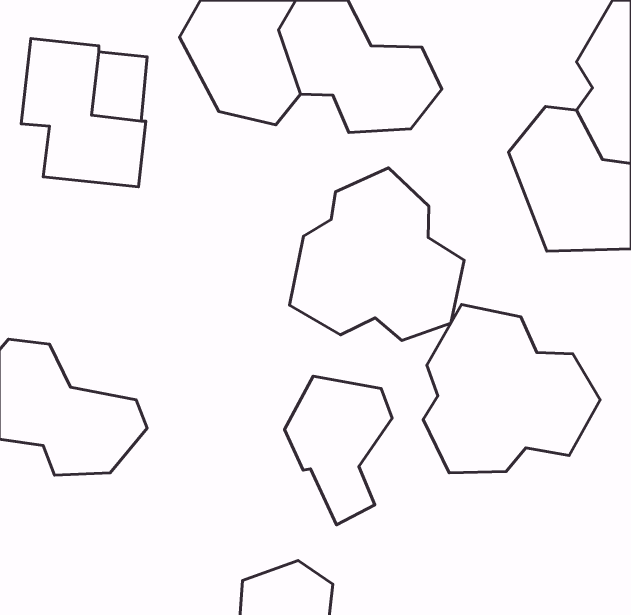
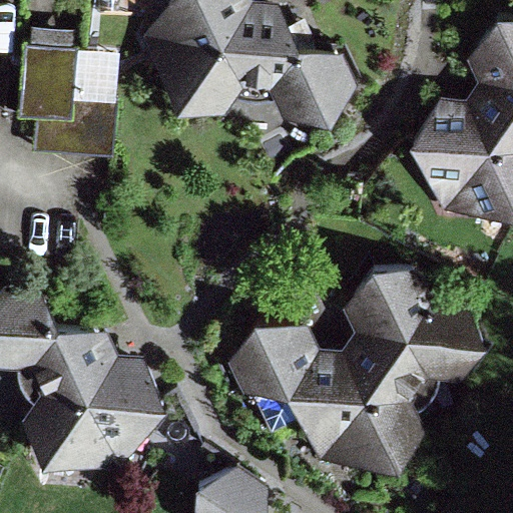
building: [290,168,464,340] -> none
building: none -> [291,353,427,468]
building: none -> [22,360,166,475]

